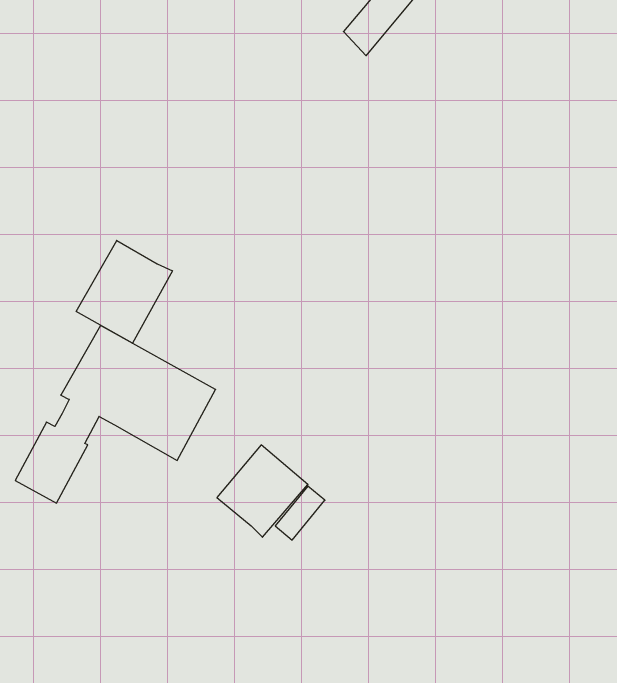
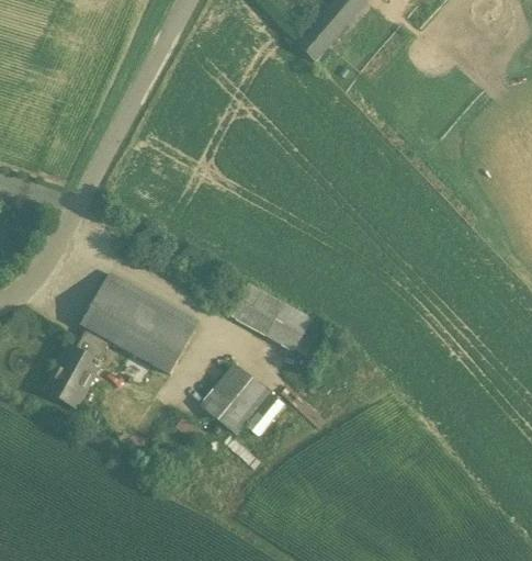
building: [76,240,172,343] -> none
building: none -> [229,281,327,359]

